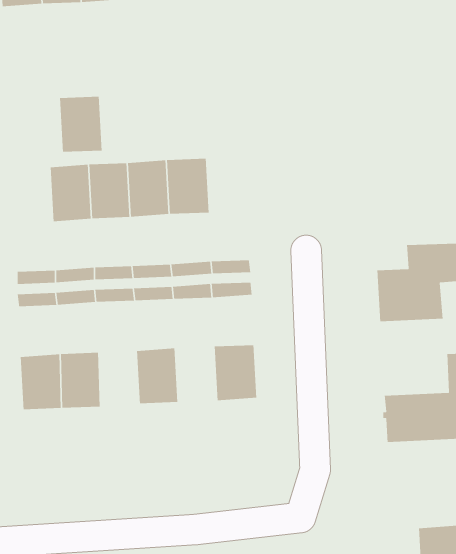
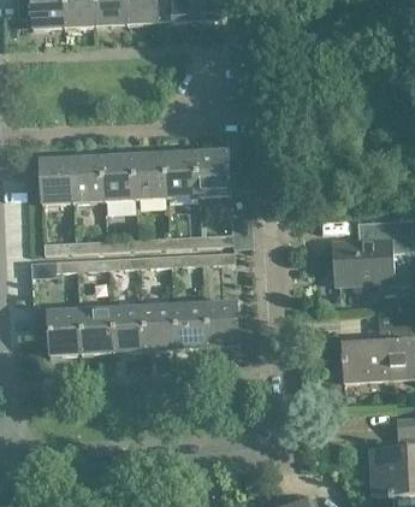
building: [59,96,102,153] -> [38,158,73,204]
building: none -> [197,149,231,195]
building: none -> [172,302,206,348]
building: none -> [111,306,143,352]

